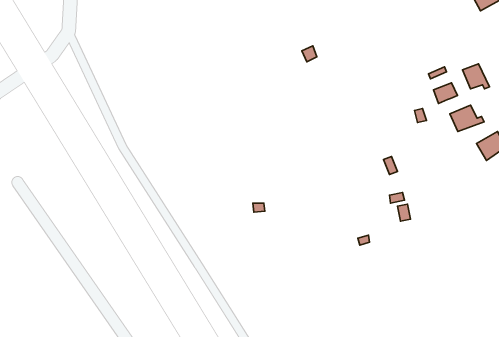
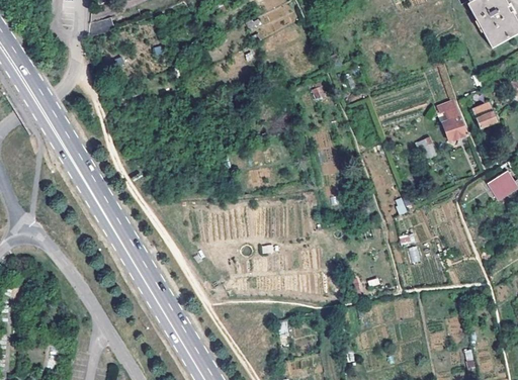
building: [450,105,484,131] -> none

